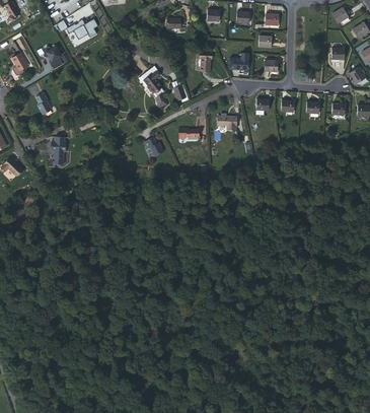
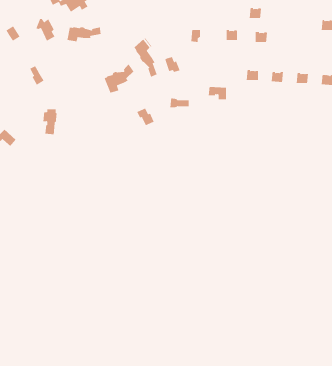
building: none -> [67,26,101,42]
building: none -> [104,64,134,94]

